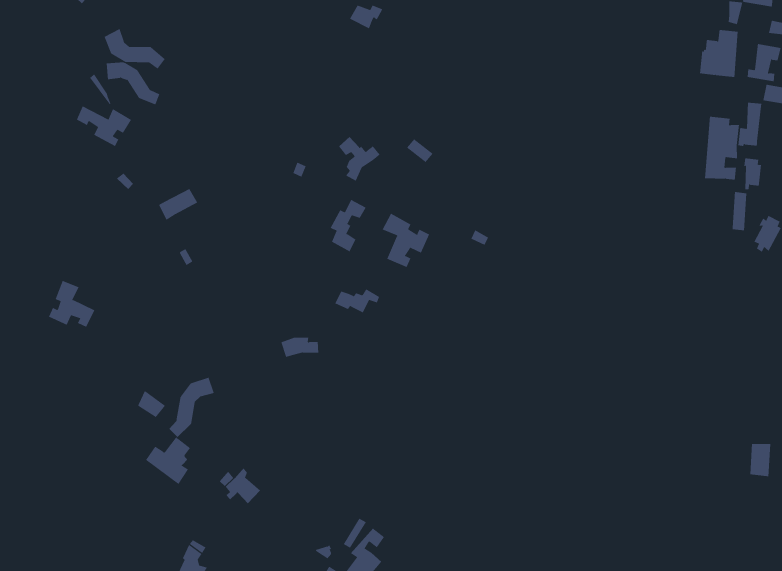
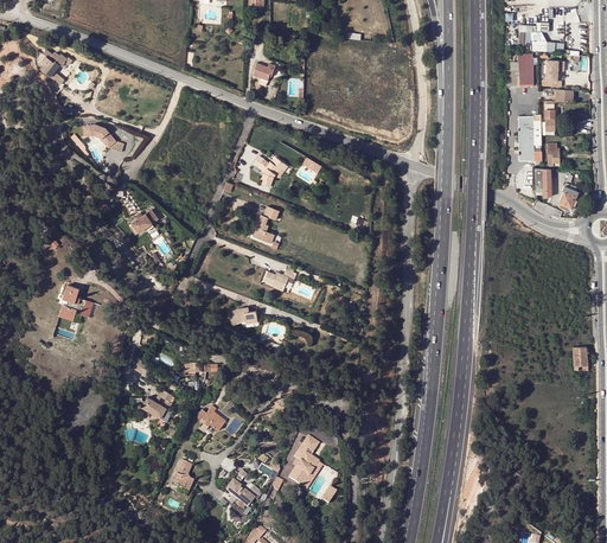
building: [104,28,166,69] -> none
building: [76,105,132,147] -> none
building: [382,213,430,268] -> none
building: [168,377,214,438] -> none

